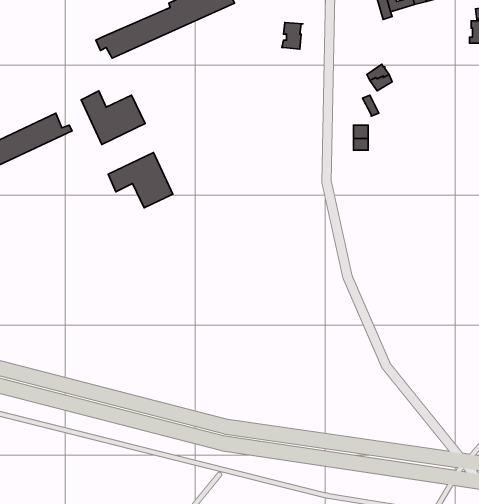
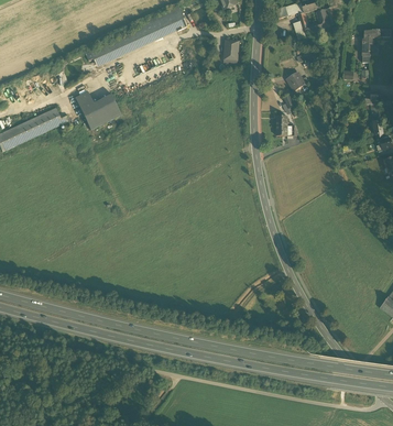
building: [108,152,173,208] -> none

